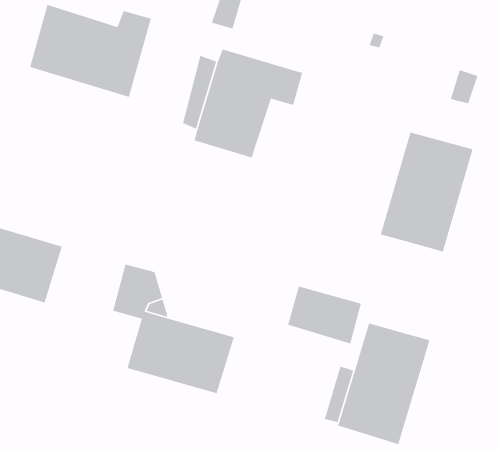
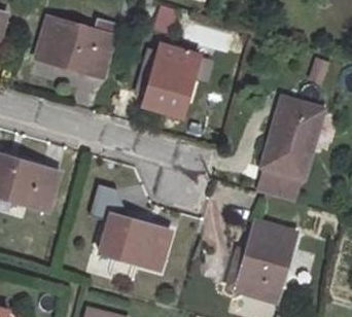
building: [287,285,362,344] -> [255,165,304,203]

